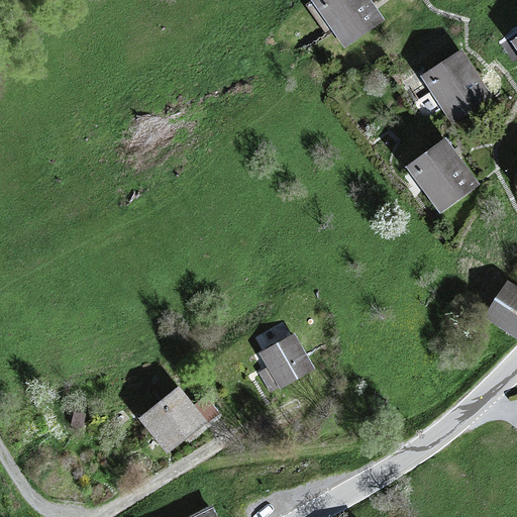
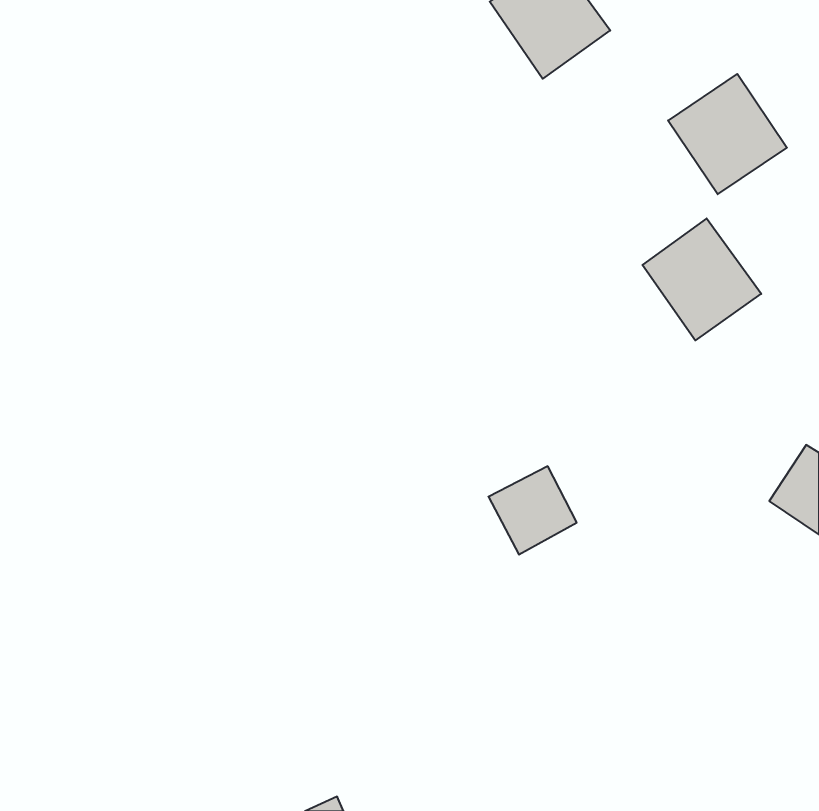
building: [257,332,313,388] -> [488,466,577,555]
building: [142,388,212,456] -> none

